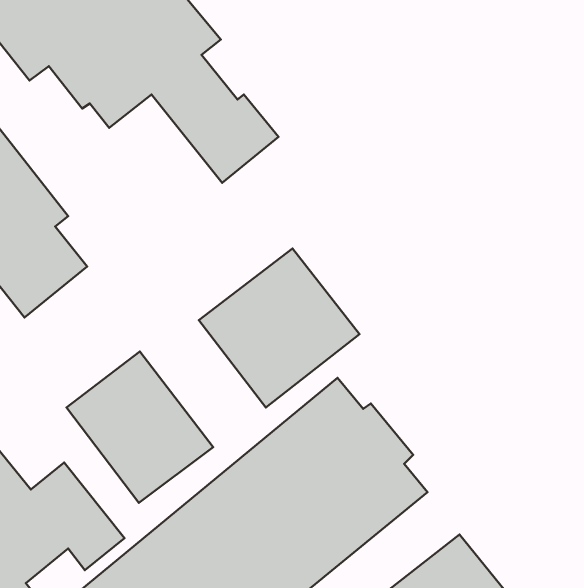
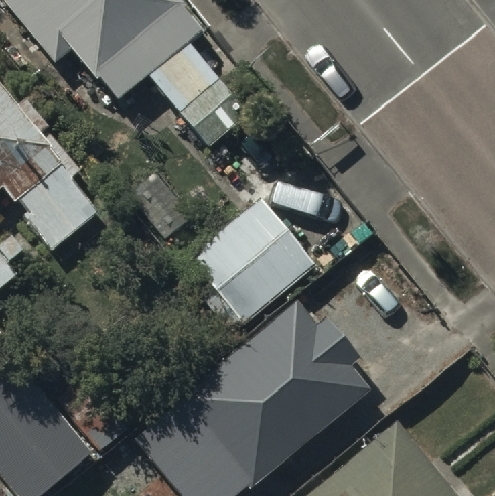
building: [67,352,213,503] -> none

